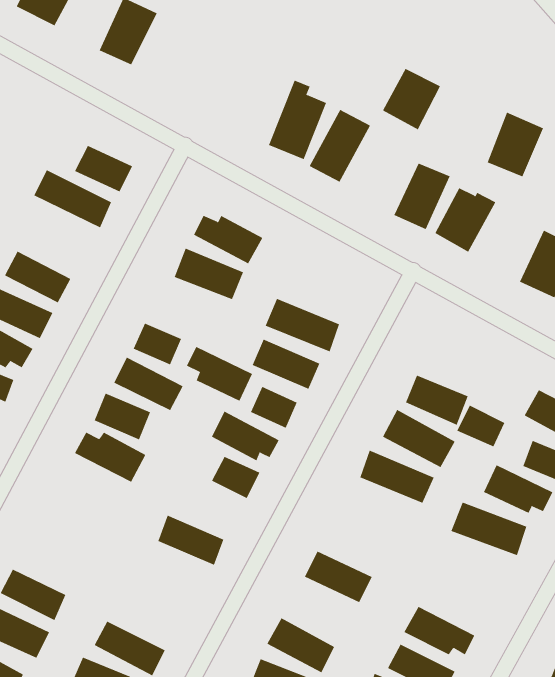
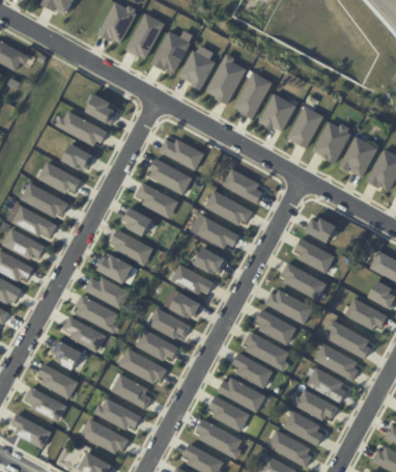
building: none -> [126,12,162,59]
building: none -> [151,29,190,74]
building: [382,68,441,130] -> [258,93,295,133]
building: none -> [178,50,214,88]
building: [487,112,544,177] -> [340,136,376,177]
building: none -> [62,144,92,171]
building: none -> [222,168,262,204]
building: [186,346,253,402] -> [135,183,177,218]
building: [456,405,505,447] -> [304,215,335,242]
building: none -> [72,295,117,333]
building: none -> [147,309,190,340]
building: none -> [255,309,295,344]
building: none -> [63,315,106,351]
building: none -> [242,332,290,370]
building: none -> [51,338,83,369]
building: none -> [313,343,360,380]
building: none -> [118,349,165,385]
building: none -> [306,370,348,401]
building: none -> [110,374,151,409]
building: none -> [219,378,264,411]

